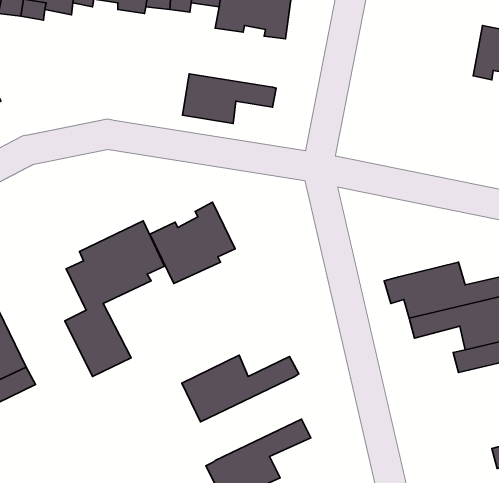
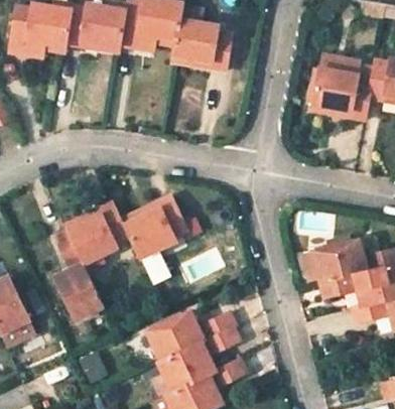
building: none -> [309,67,370,119]
building: [183,74,276,123] -> none
building: none -> [157,326,238,391]

